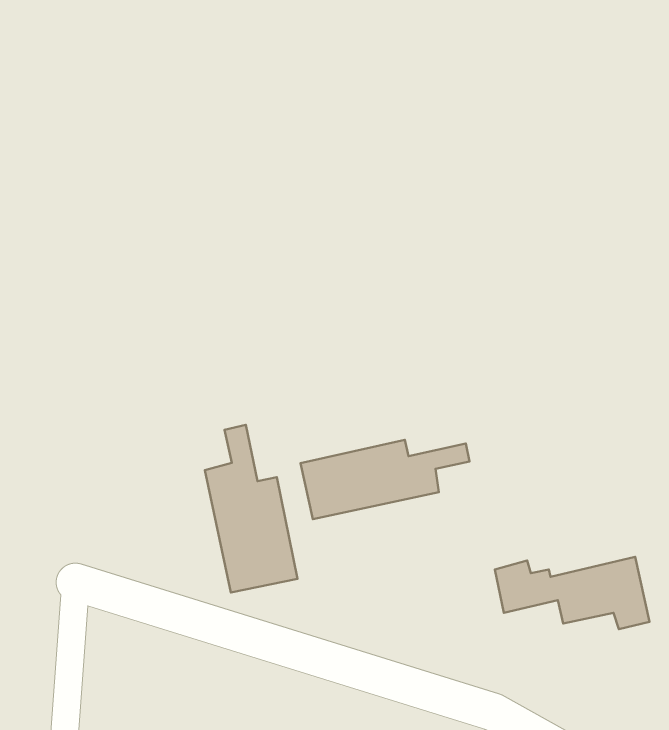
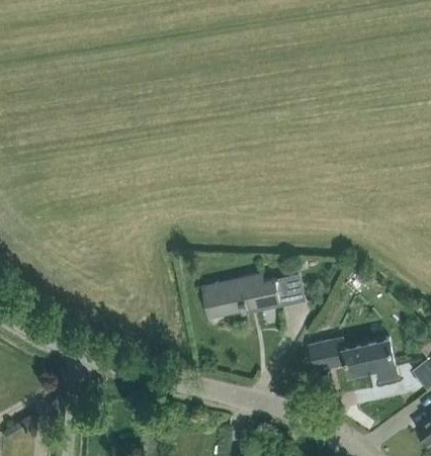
building: [205,425,298,592] -> none

